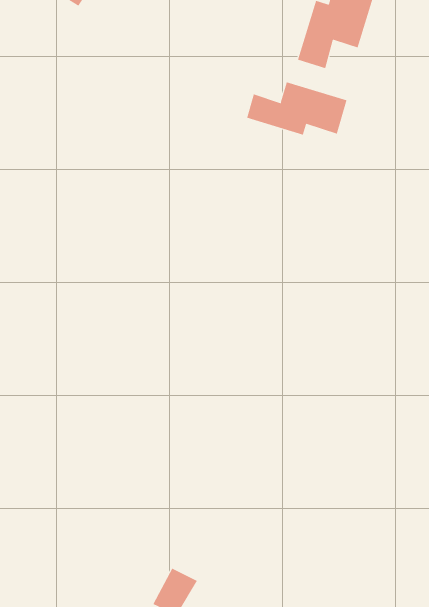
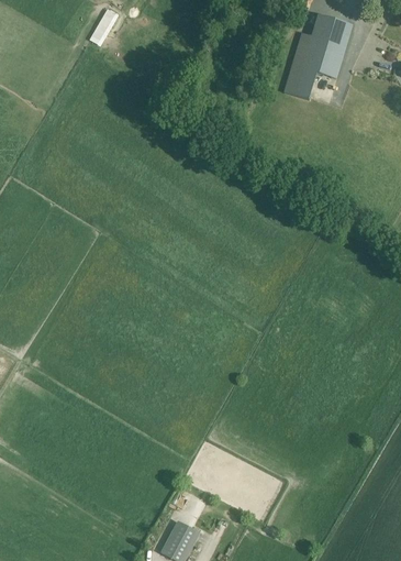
building: [246,81,347,136] -> none

